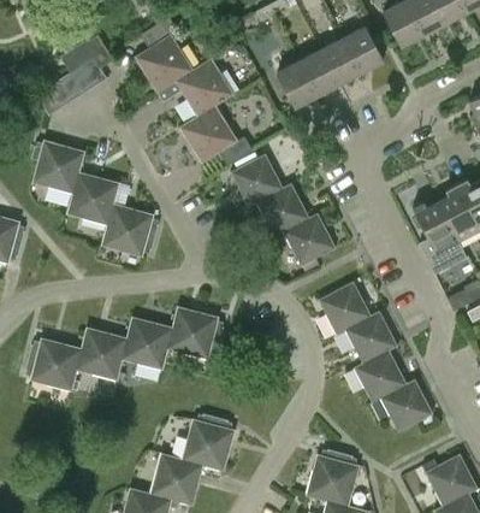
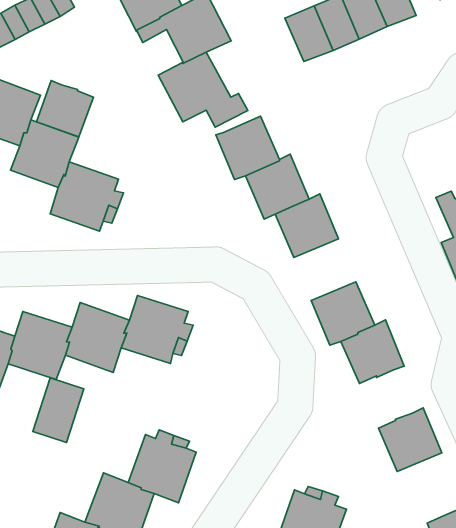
building: none -> [37,81,94,137]
building: [354,349,407,402] -> none
building: none -> [33,378,84,443]

